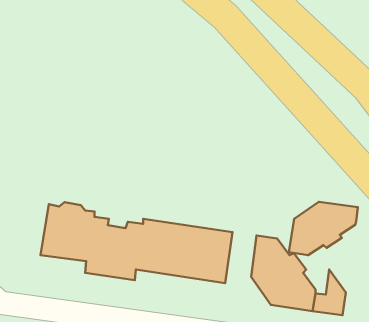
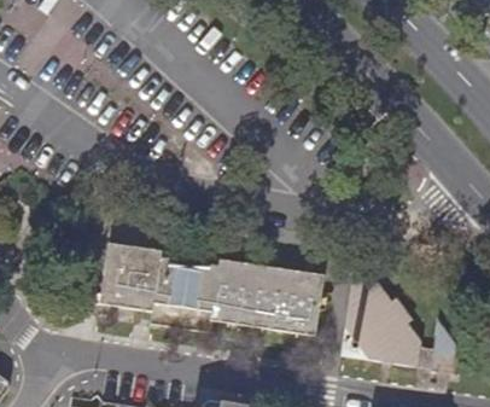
building: [289,202,358,255] -> none

